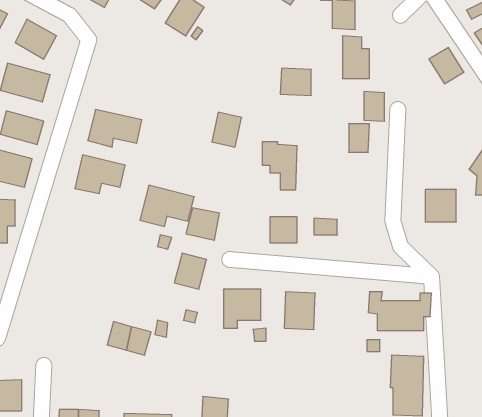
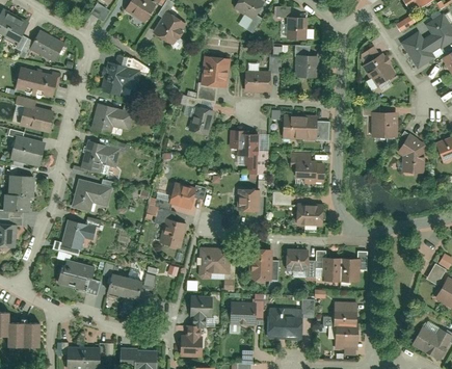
building: none -> [197,55,231,101]
building: none -> [102,62,140,95]
building: [364,92,385,121] -> [284,114,300,138]
building: none -> [295,154,325,183]
building: [140,185,194,226] -> [71,178,114,211]
building: [425,190,456,222] -> [372,111,397,137]
building: none -> [295,204,324,227]
building: none -> [60,220,97,249]
building: none -> [286,248,310,270]
building: none -> [57,259,96,293]
building: none -> [191,297,213,317]
building: none -> [231,301,257,324]
building: none -> [267,308,303,339]

